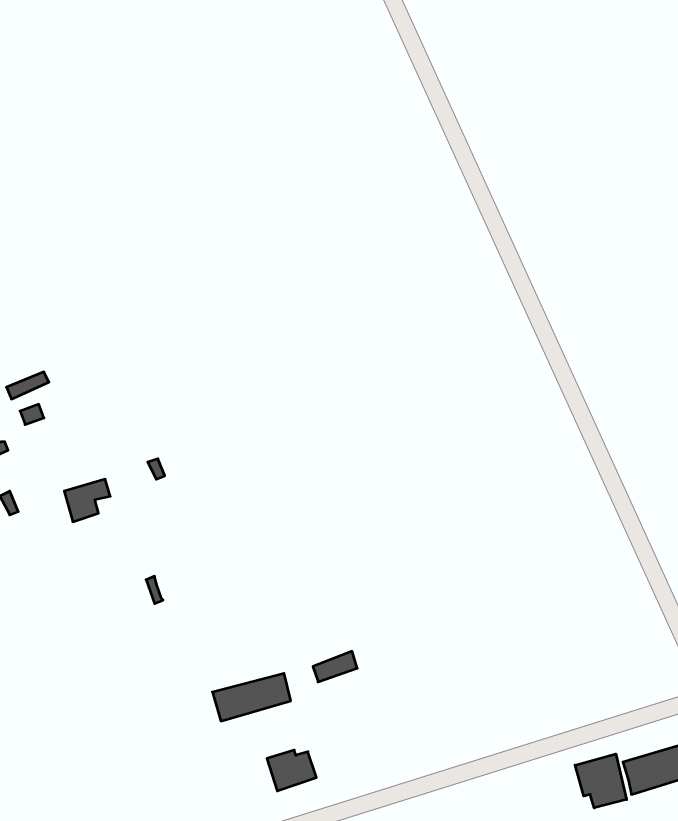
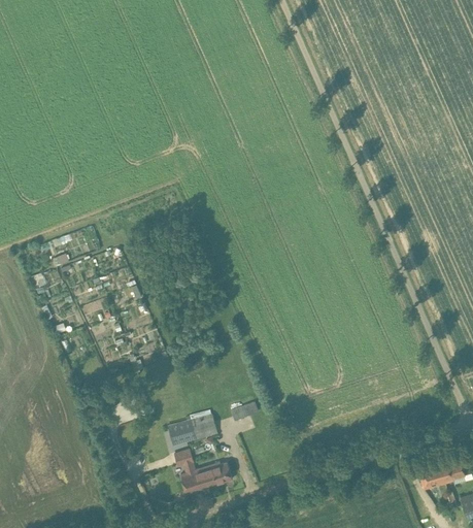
building: none -> [173,449,209,493]
building: [575,754,627,808] -> none

